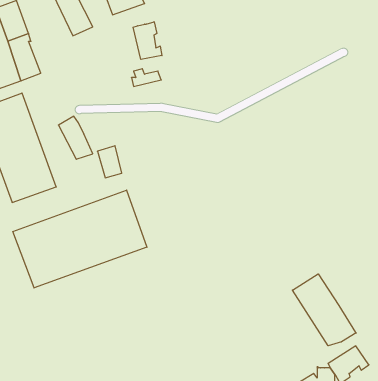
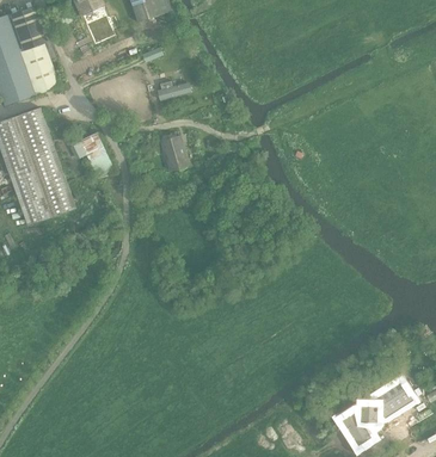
building: [133,22,162,59] -> none
building: [97,146,122,178] -> [160,134,186,168]
building: [13,190,147,288] -> none
building: [292,274,356,346] -> none

